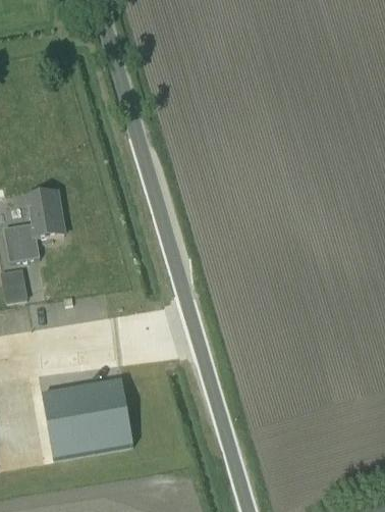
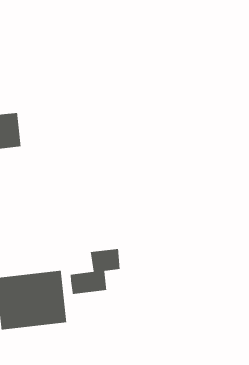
building: none -> [70,248,121,295]

